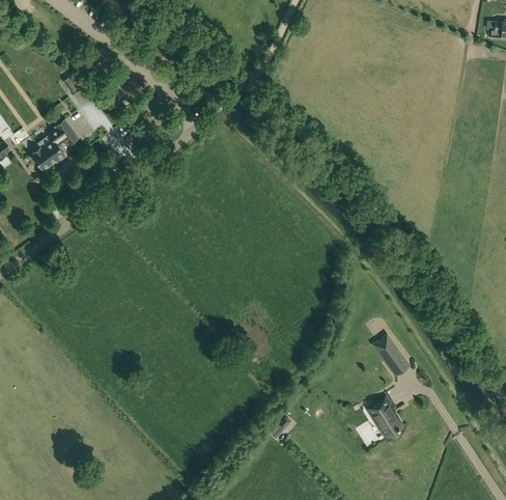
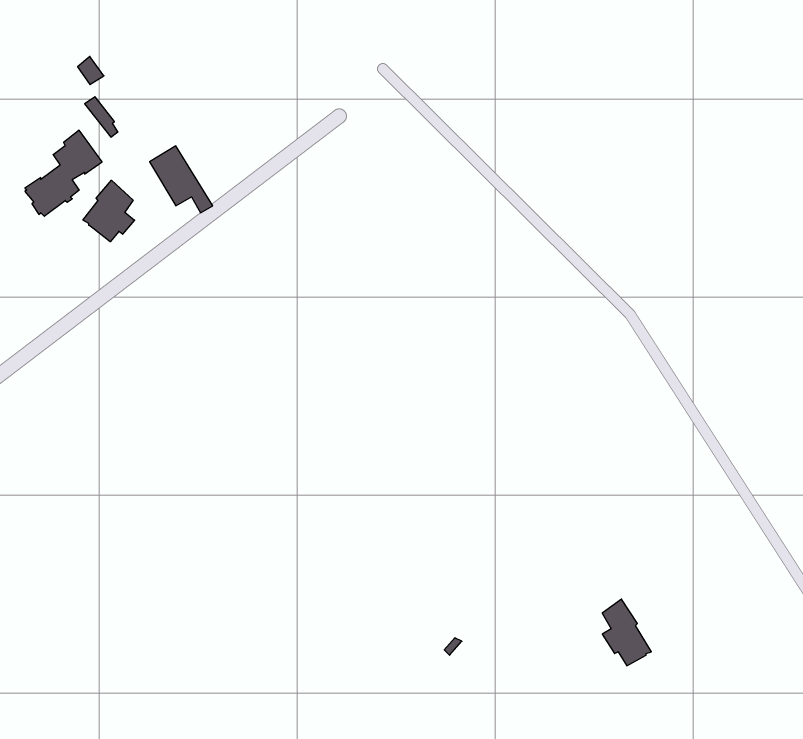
building: none -> [83,180,135,242]
building: [374,335,411,376] -> none

